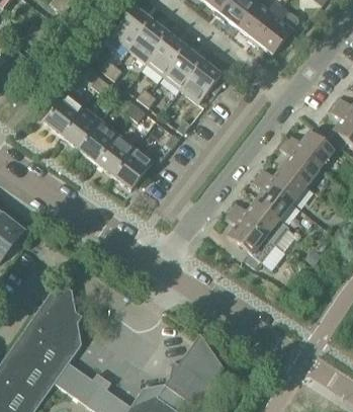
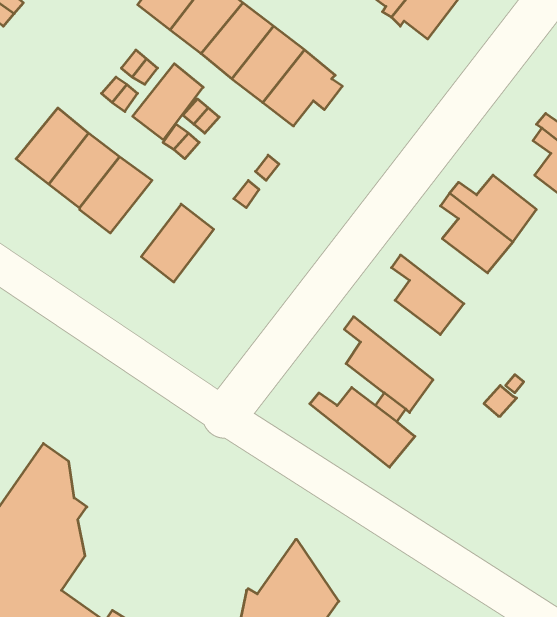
building: [95,134,135,176] -> [133,64,203,140]
building: [257,166,305,202] -> none
building: [231,200,289,245] -> [310,387,415,467]

